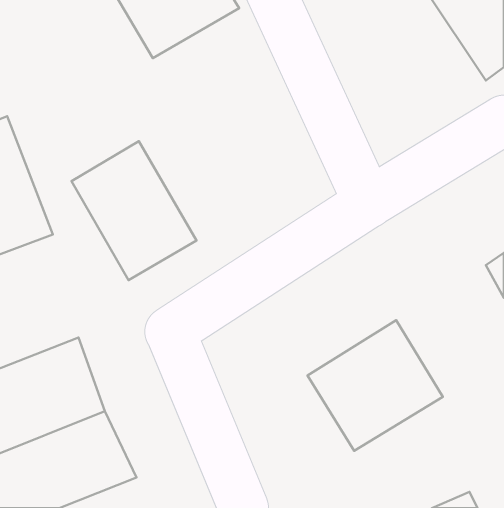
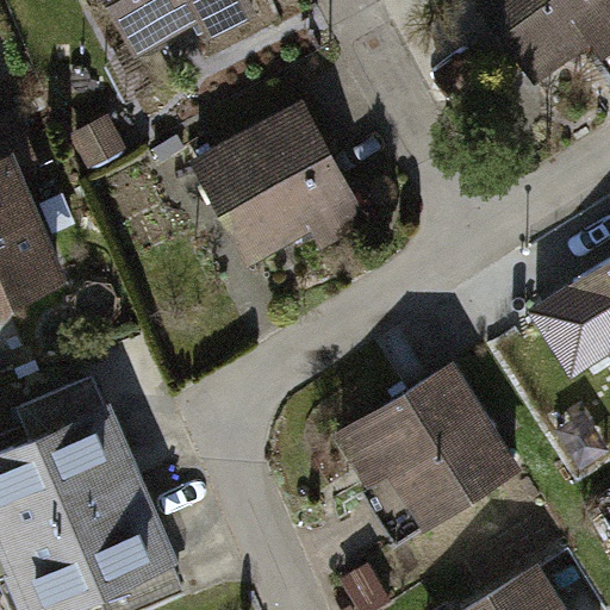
building: none -> [226,102,394,276]
building: [72,141,197,280] -> none

